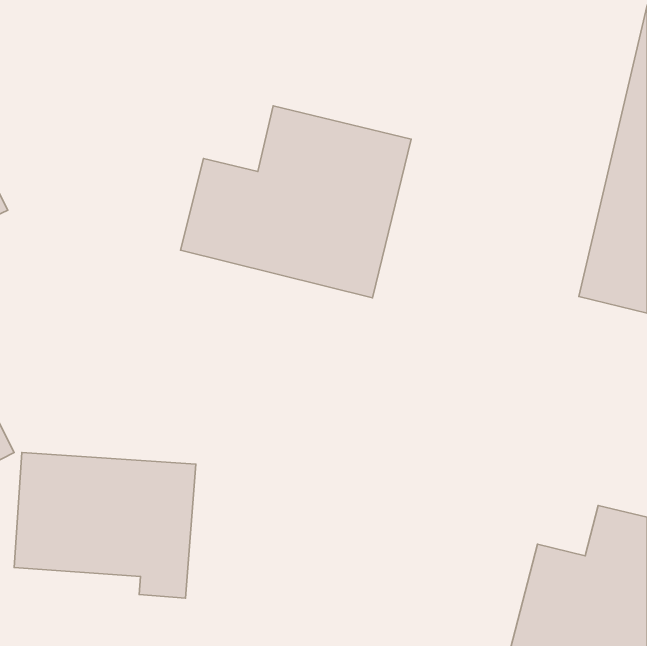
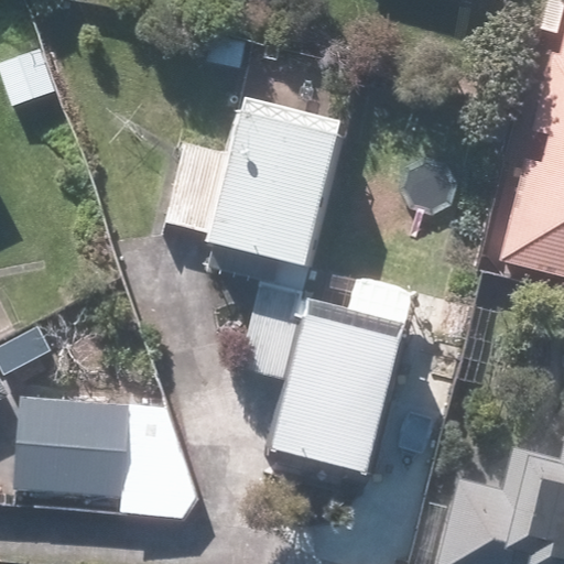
building: none -> [279,285,415,470]

